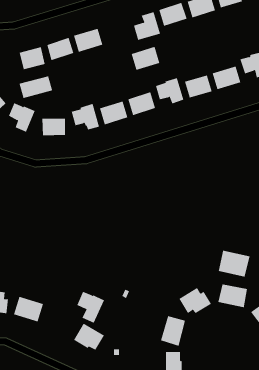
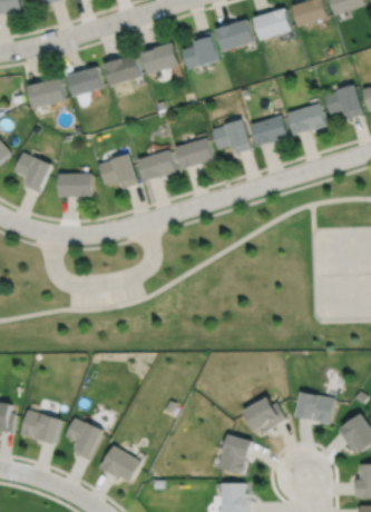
building: [131,46,160,71] -> [138,41,177,73]
building: [19,76,53,99] -> none
building: [218,250,250,278] -> none
building: [77,291,105,324] -> [66,417,104,461]

